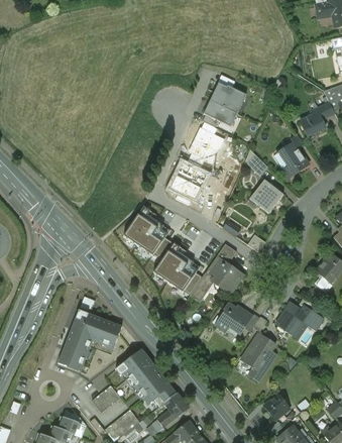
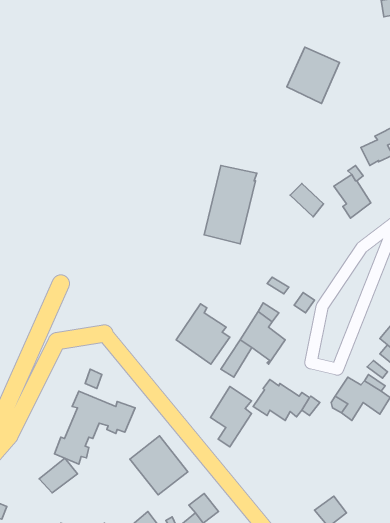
building: [204,82,245,126] -> [287,47,339,103]
building: [249,180,282,213] -> none
building: [124,206,165,254] -> none
building: [243,334,275,381] -> [211,387,252,447]
building: [140,376,177,405] -> none
building: [93,384,123,412] -> [39,458,78,493]

